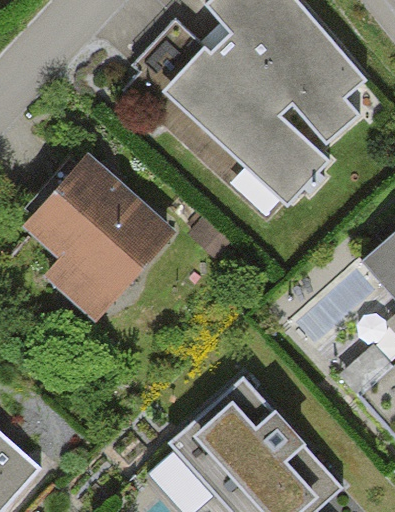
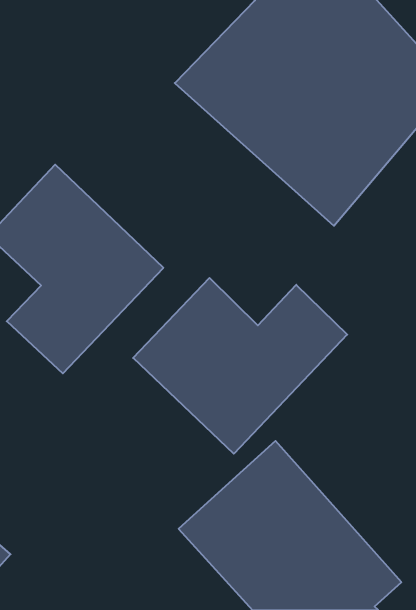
building: none -> [133,278,347,454]

